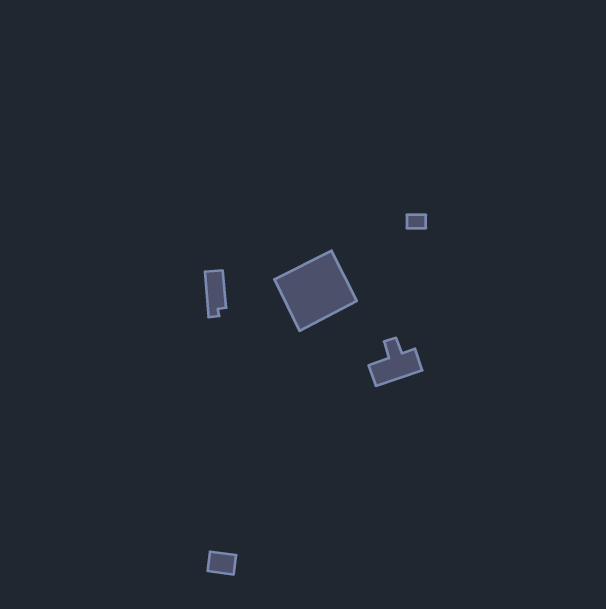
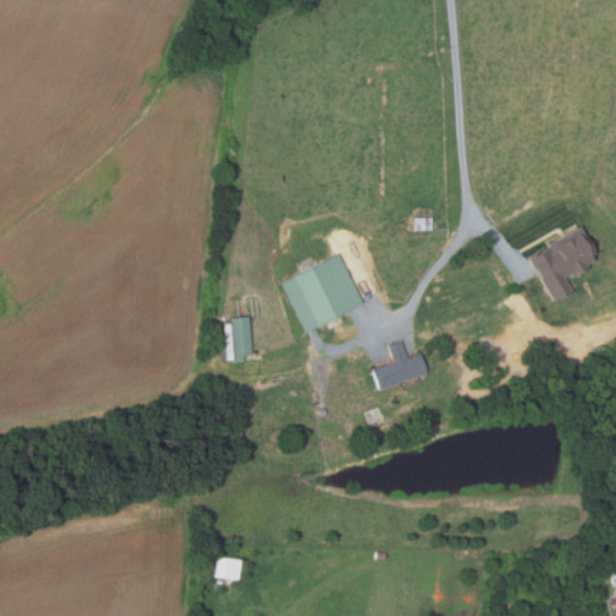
building: none -> [528,227,594,302]
building: [205,271,226,317] -> [233,318,255,365]

